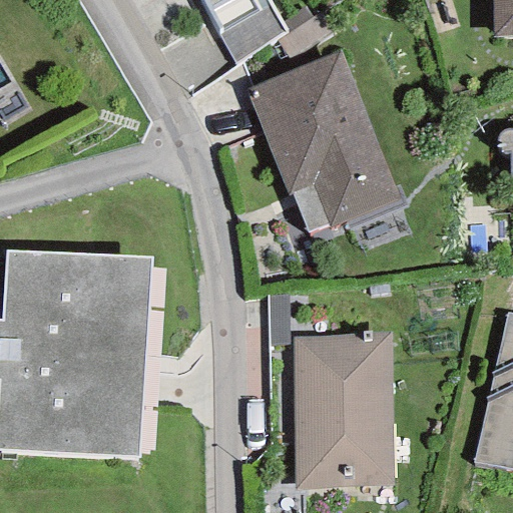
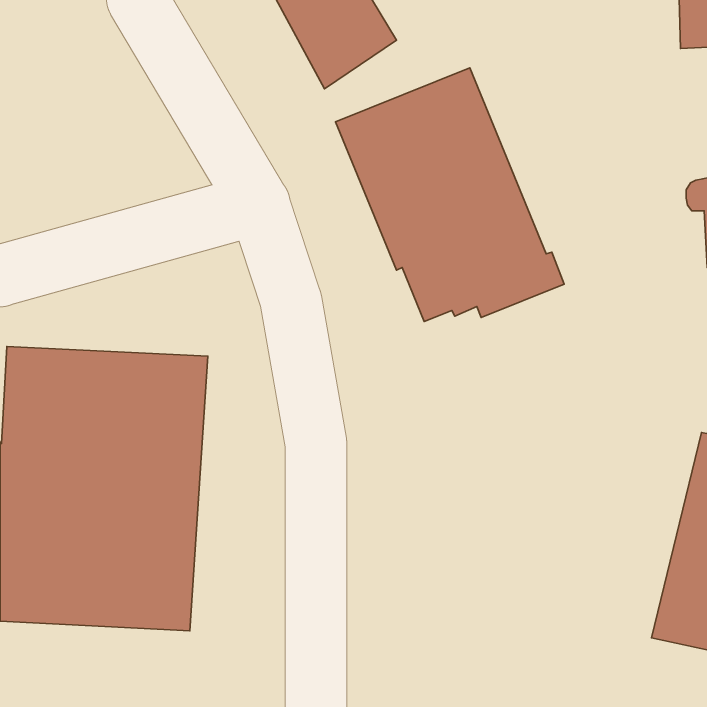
building: [293,333,393,488] -> none

